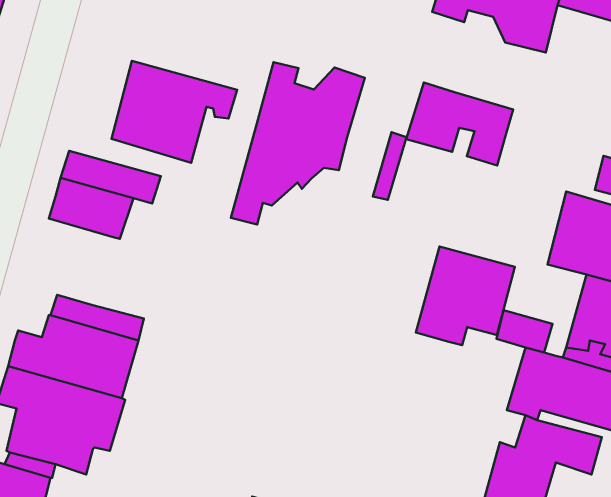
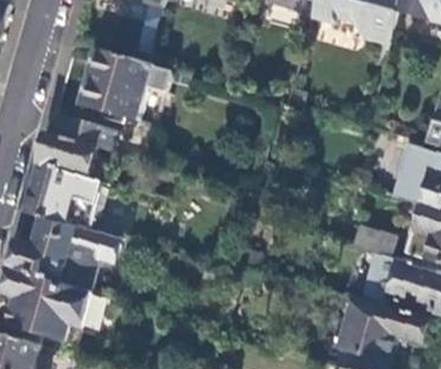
building: [231,62,365,225] -> none
building: [406,83,513,166] -> none
building: none -> [23,162,81,223]
building: [416,246,515,345] -> none

